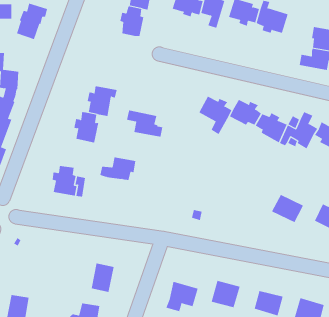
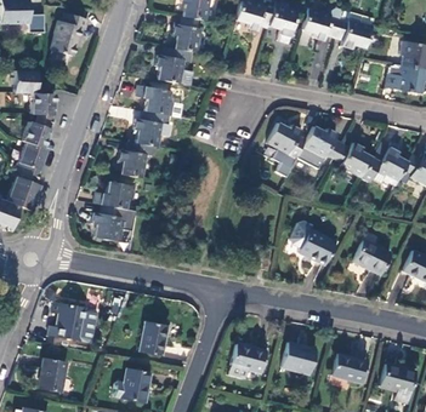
building: none -> [157,47,195,86]
building: [126,110,163,137] -> [137,85,181,118]
building: [99,157,136,180] -> [93,182,137,210]
building: none -> [291,222,336,265]
building: none -> [50,303,100,343]

